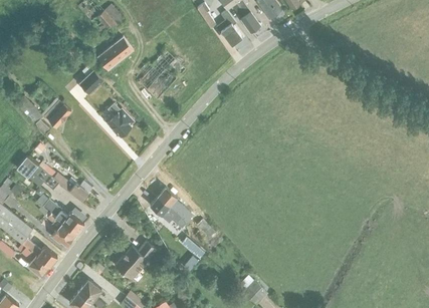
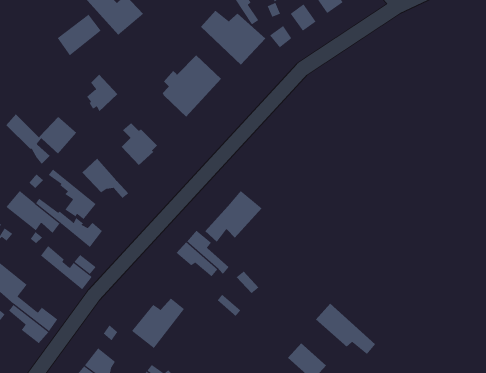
building: none -> [200,10,266,65]
building: [97,37,133,70] -> [57,14,102,56]
building: none -> [82,158,129,199]
building: none -> [205,190,262,243]
building: [37,206,75,246] -> [48,169,96,220]
building: none -> [315,303,376,355]

